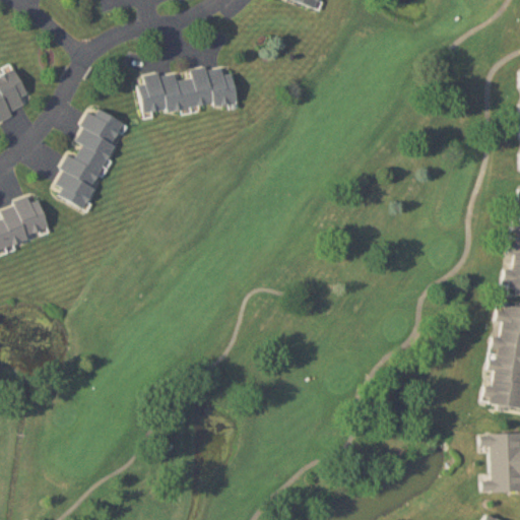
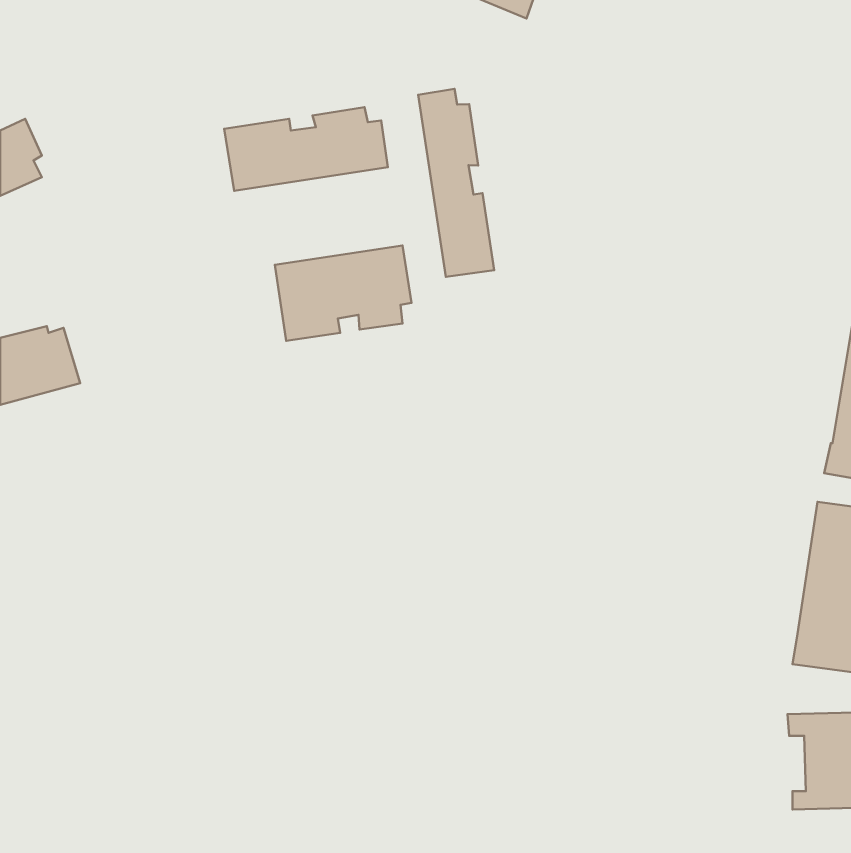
building: none -> [418,89,494,277]
building: [53,108,125,208] -> none
building: none -> [275,246,412,341]

